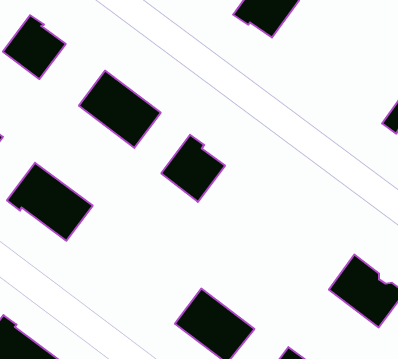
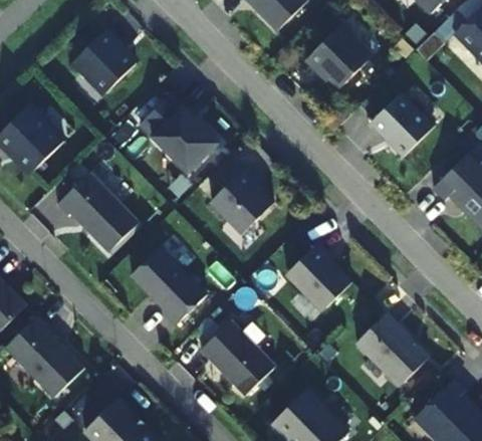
building: none -> [369,92,433,157]
building: none -> [287,243,351,307]
building: none -> [130,247,206,325]

